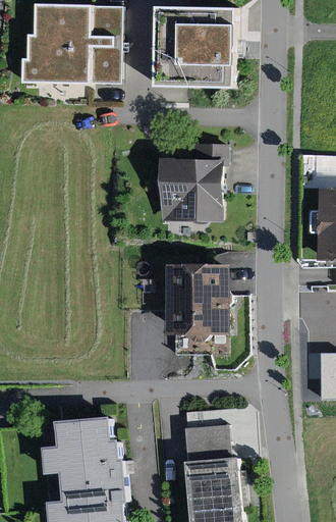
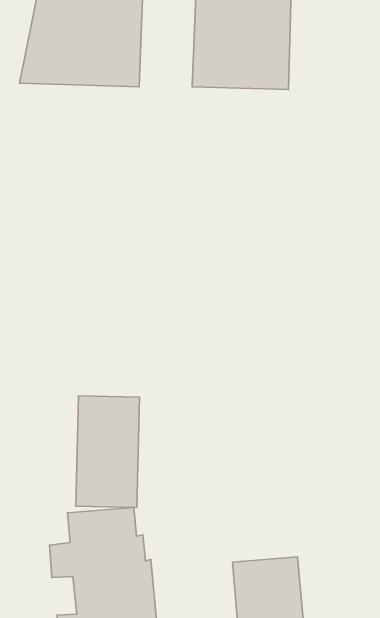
building: [157,143,227,220] -> none
building: [168,269,218,357] -> [76,396,139,507]
building: [184,423,229,454] -> none

